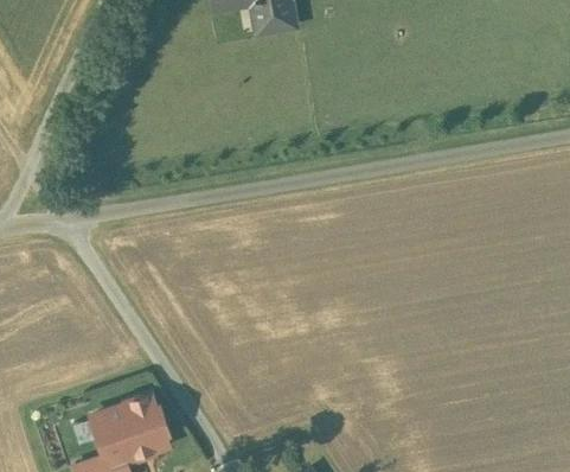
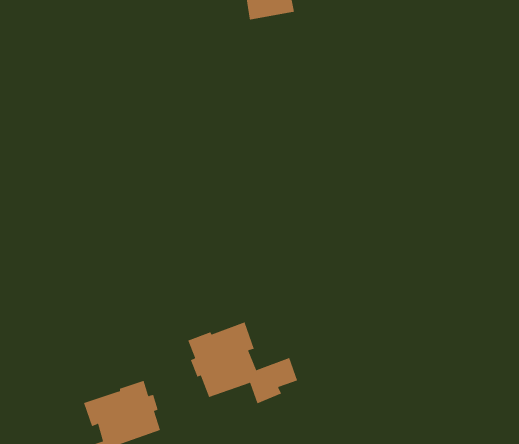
building: none -> [187,321,298,404]

